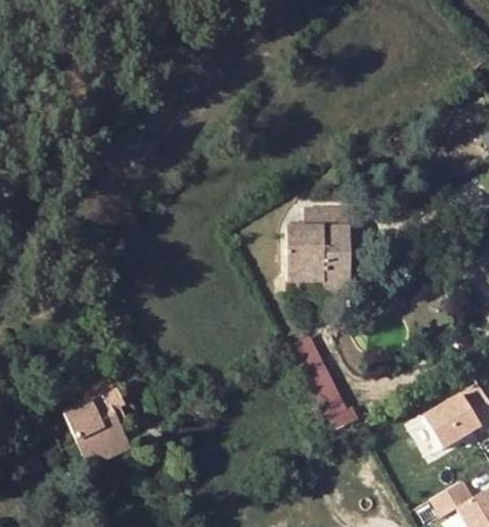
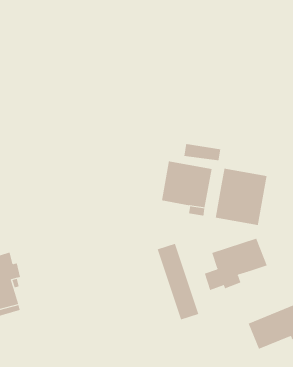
building: none -> [215,168,267,226]
building: none -> [204,238,267,291]

